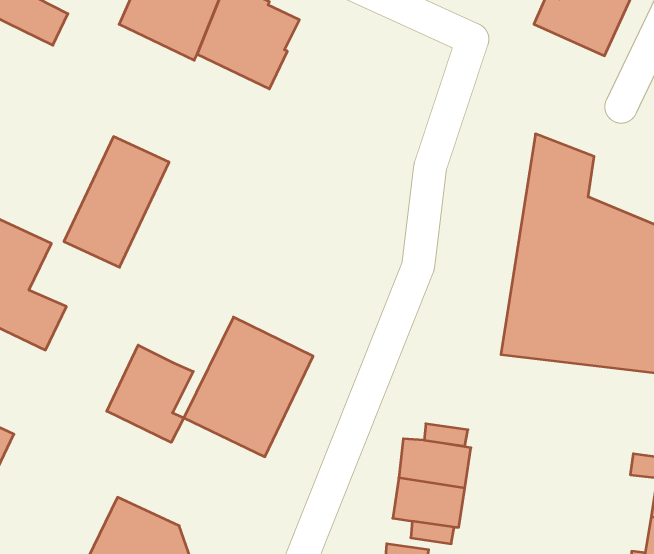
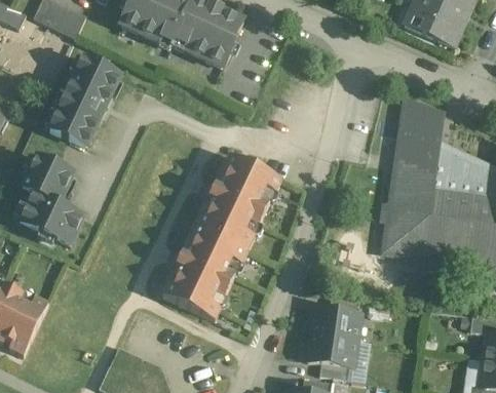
building: [64,137,169,267] -> [47,57,119,147]
building: none -> [197,153,287,250]
building: [107,345,193,442] -> none

